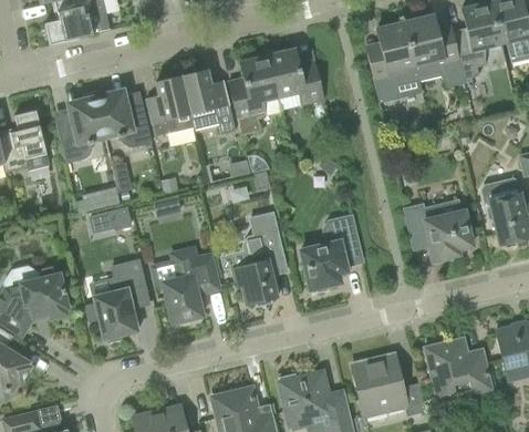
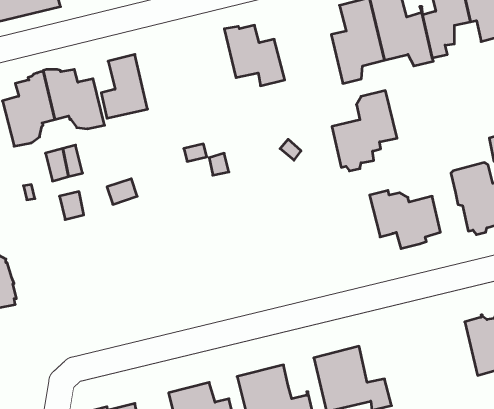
building: [229,51,278,135] -> none
building: [181,69,236,134] -> none
building: [232,213,286,306] -> none
building: [301,216,363,292] -> [332,91,397,171]
building: [163,246,220,325] -> none
building: [85,260,149,342] -> none
building: [424,337,492,403] -> none

